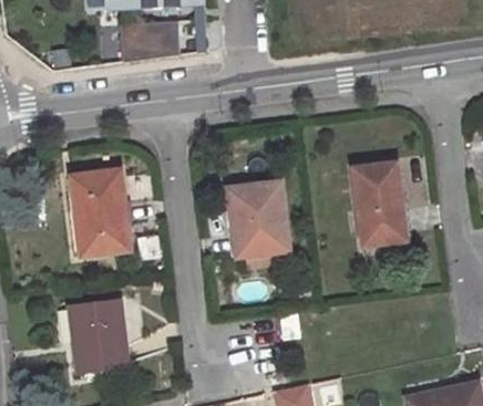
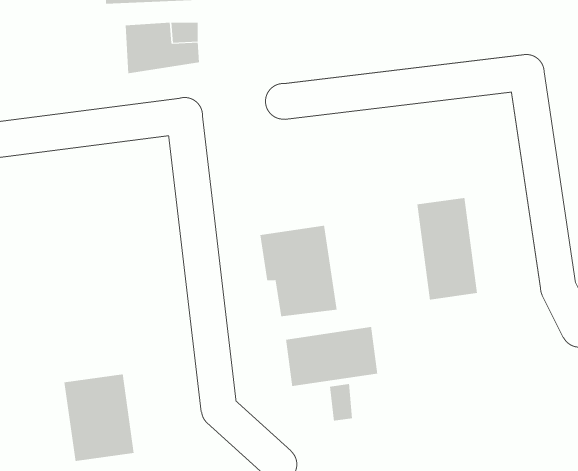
building: [69,173,127,257] -> none
building: none -> [285,326,378,387]

